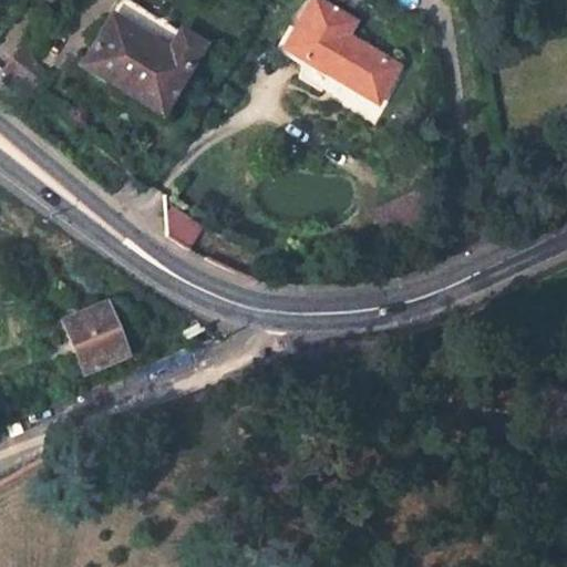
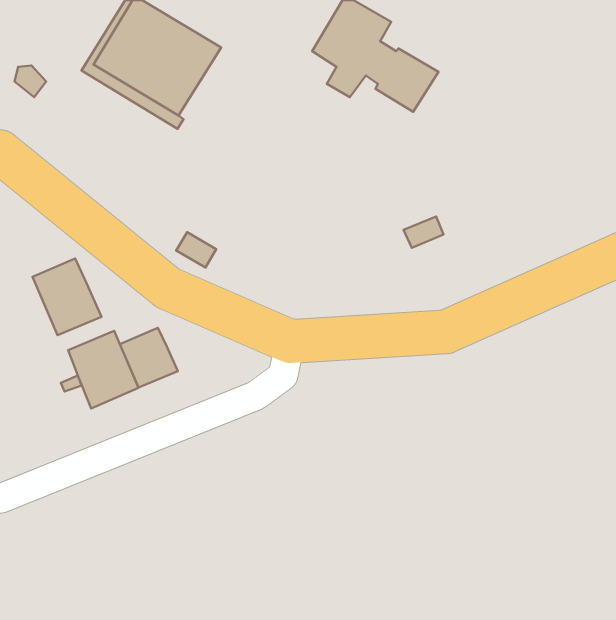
building: none -> [33,259,101,335]
building: none -> [120,328,178,388]

